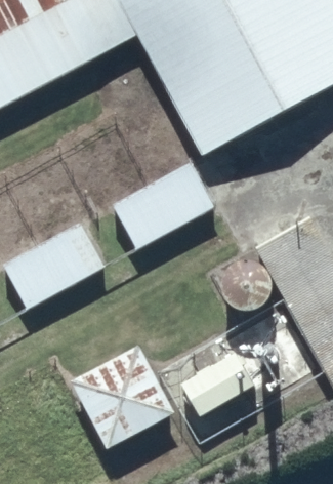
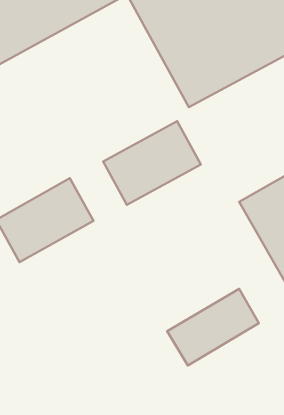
building: [71,340,177,449] -> none

